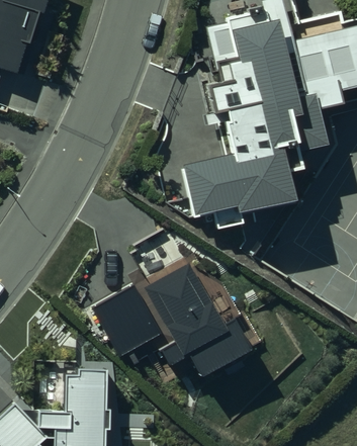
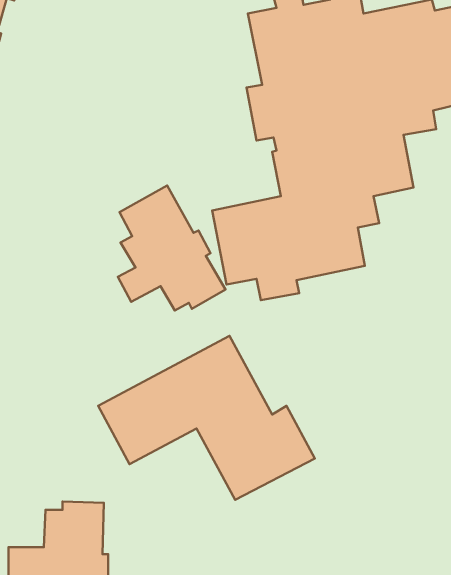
building: none -> [118,186,225,310]

